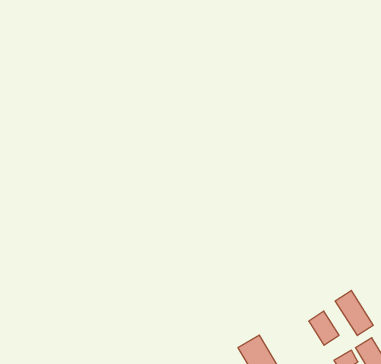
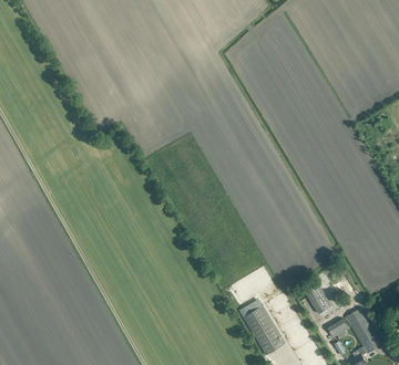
building: [335,290,373,336] -> none

